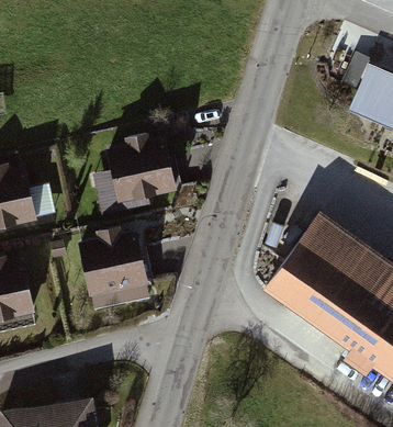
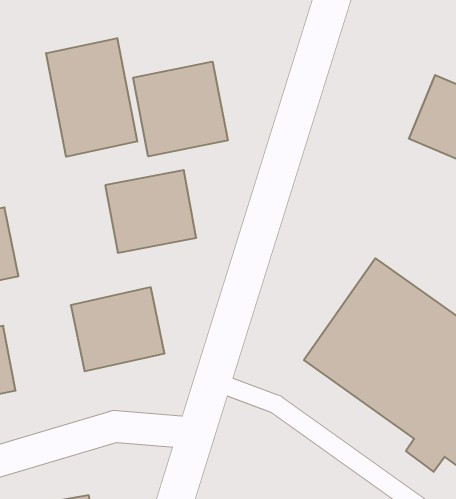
building: none -> [46,38,137,157]
building: none -> [133,62,228,156]

